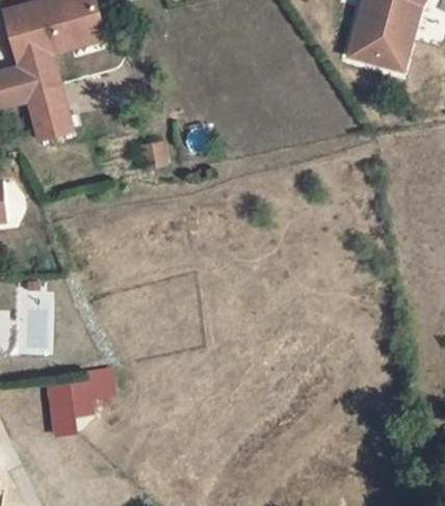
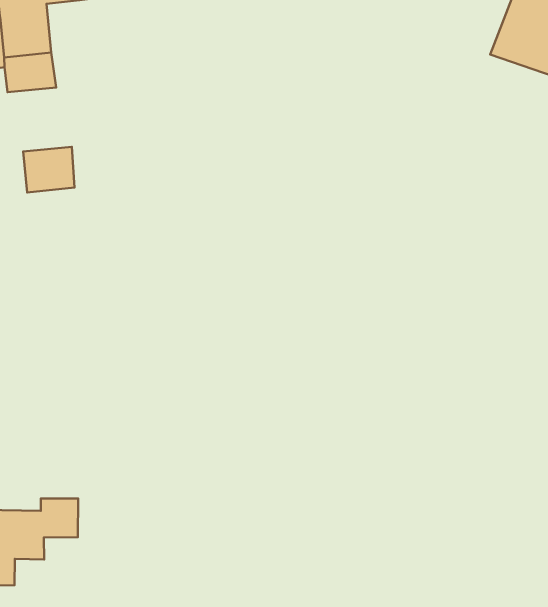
building: [32,107,70,141] -> [23,147,74,193]

